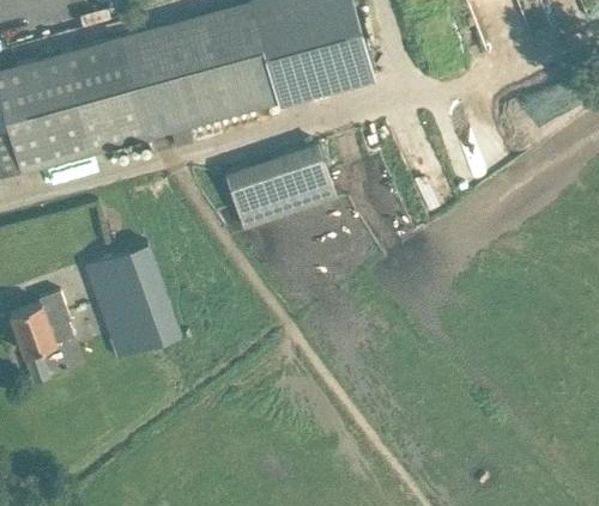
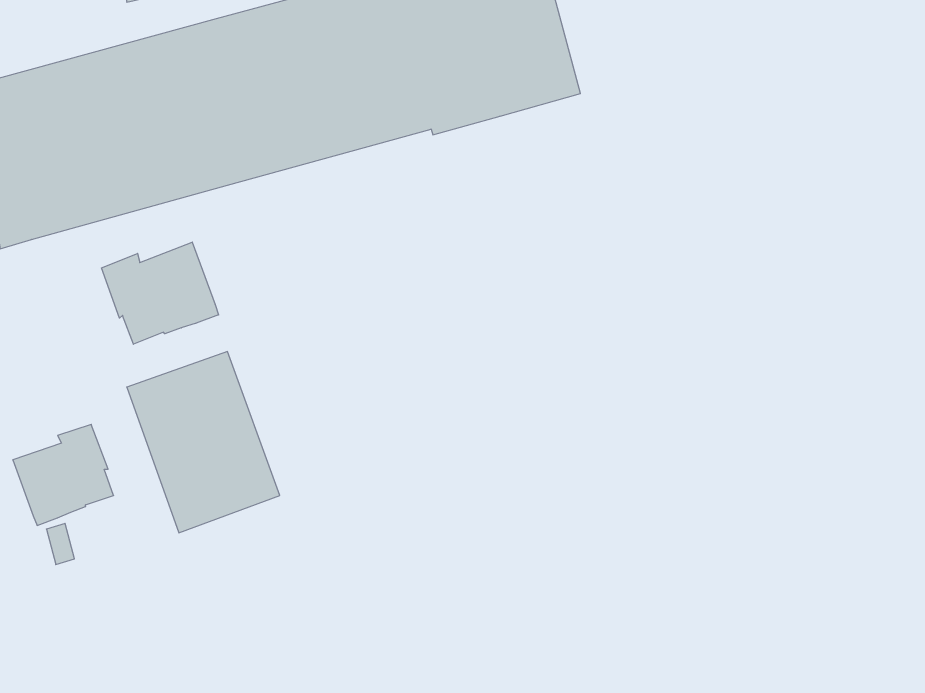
building: [234,145,344,226] -> none
building: none -> [101,242,219,344]

